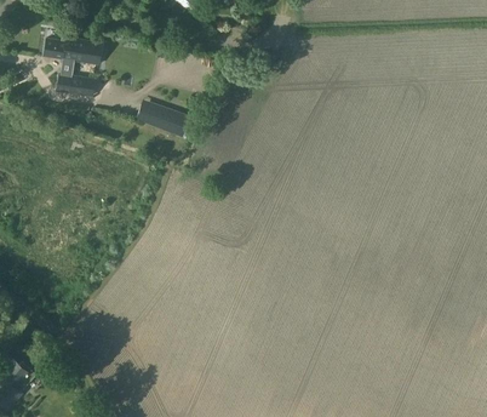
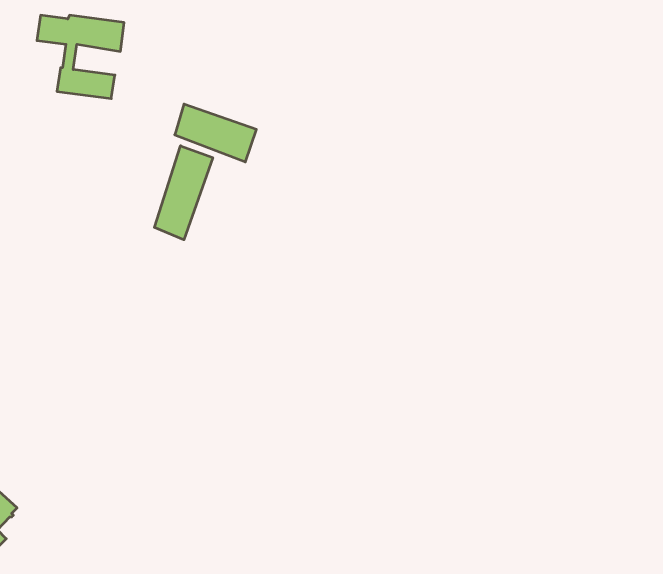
building: none -> [154,146,213,240]

